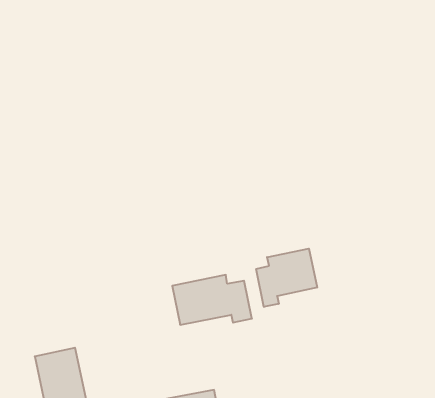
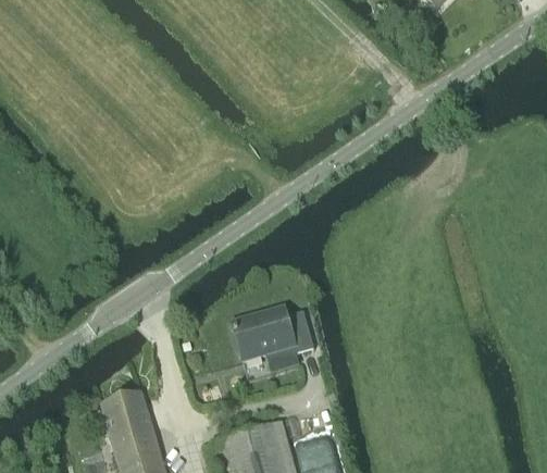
building: [256,249,317,307] -> none

